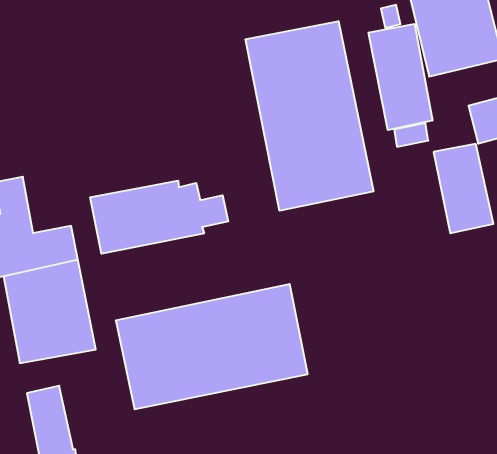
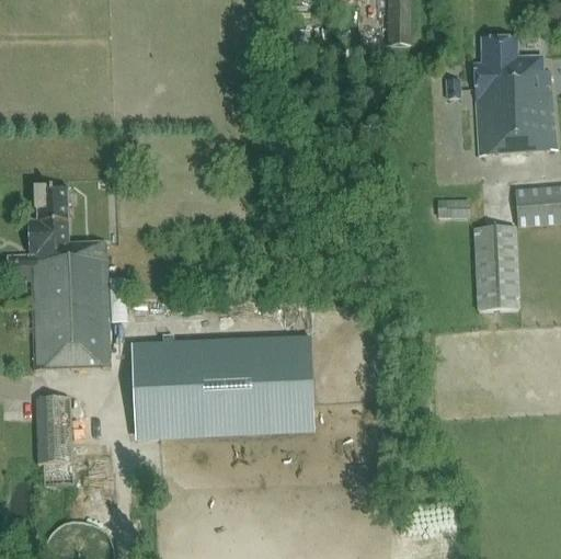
building: [245,21,373,211] -> none
building: [369,24,432,130] -> none
building: [90,181,228,254] -> none

